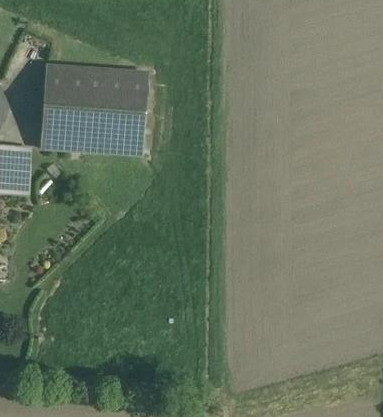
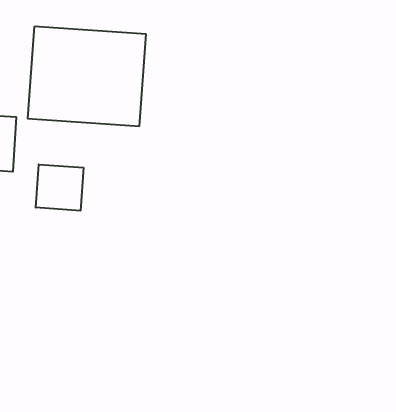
building: none -> [36,164,83,211]

